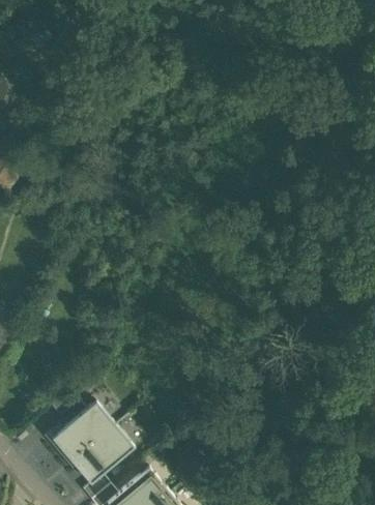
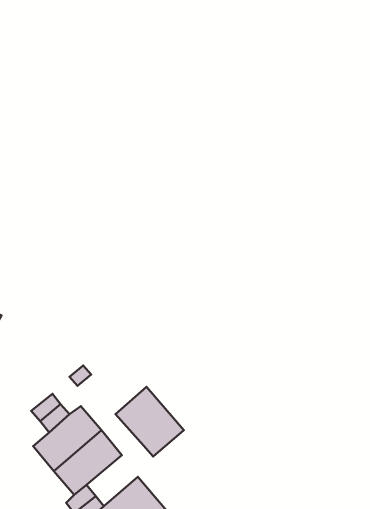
building: none -> [116,387,184,456]

